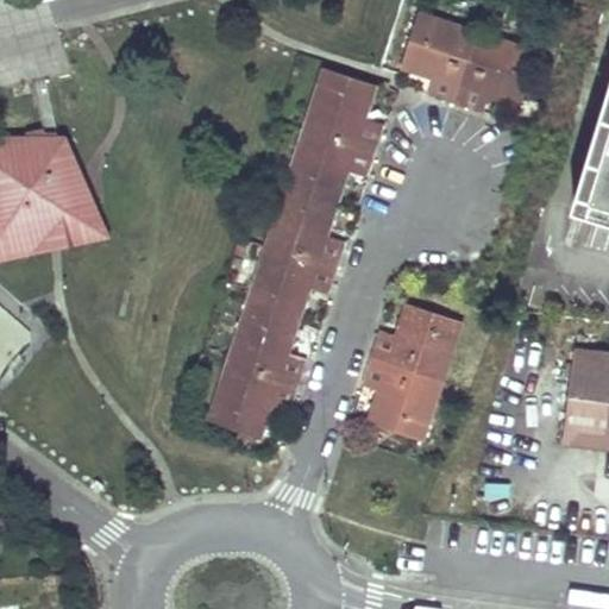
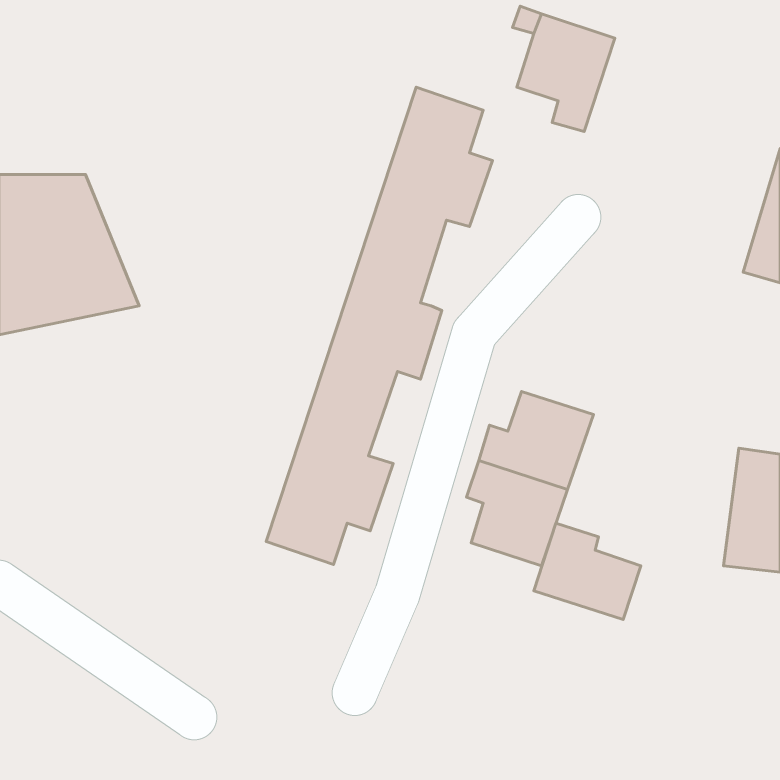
building: [454,30,539,112] -> none
building: none -> [534,523,641,619]

